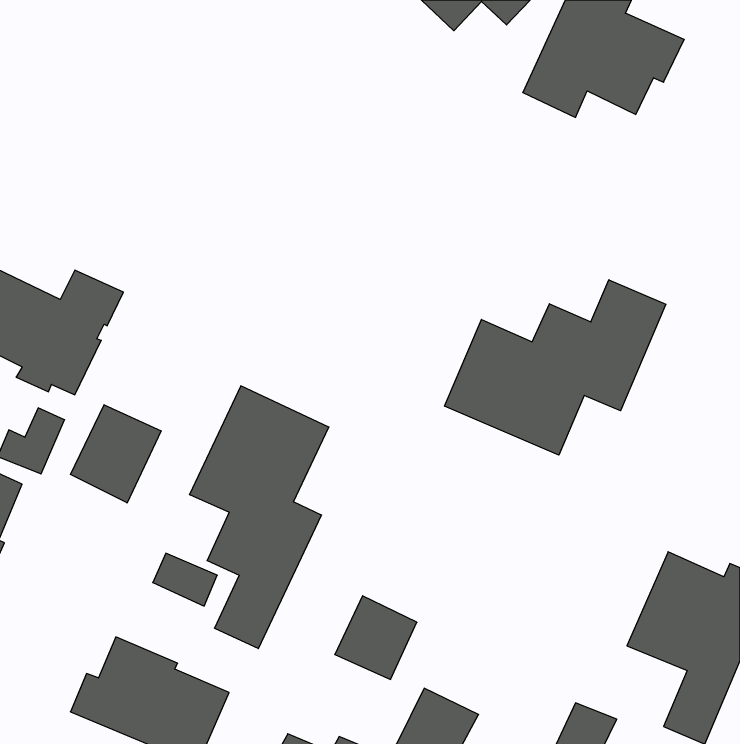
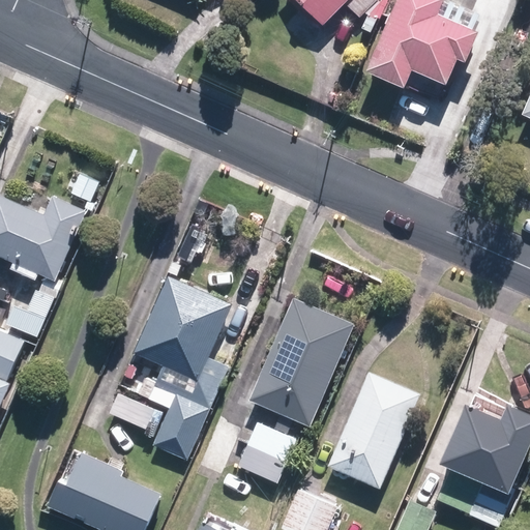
building: [445,280,666,455] -> none
building: [70,405,161,503] -> none
building: none -> [248,296,354,426]
building: none -> [328,372,425,488]

